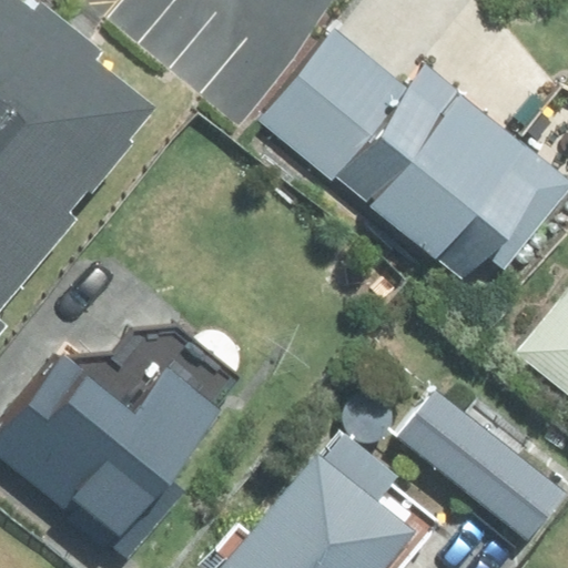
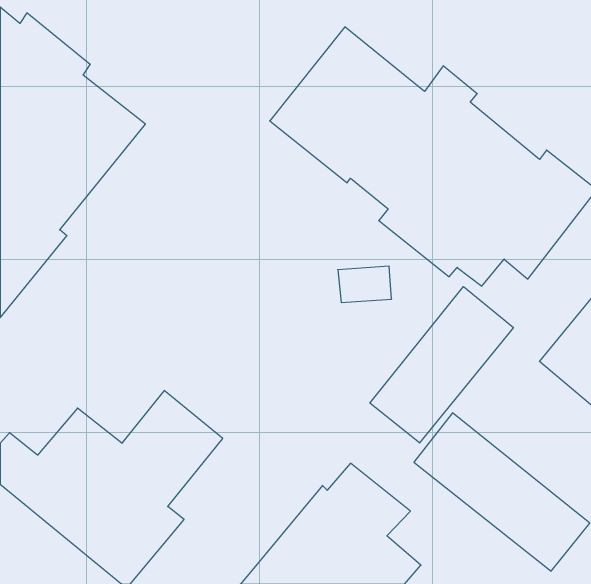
building: none -> [370,287,513,443]

